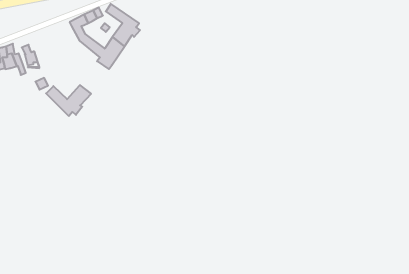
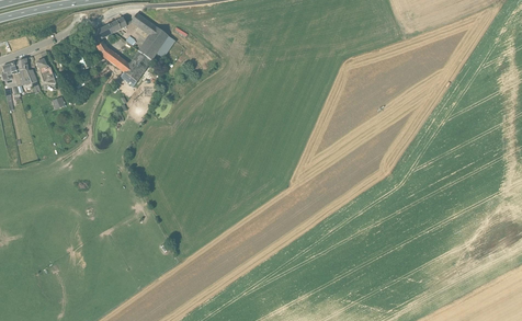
building: [46,85,91,116] -> none

